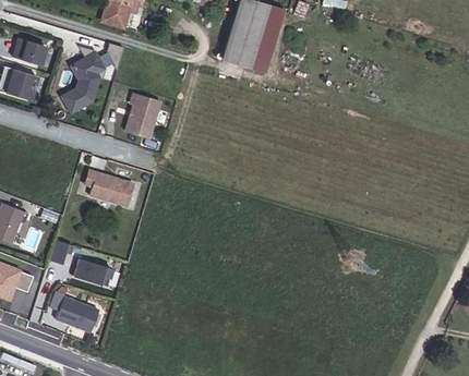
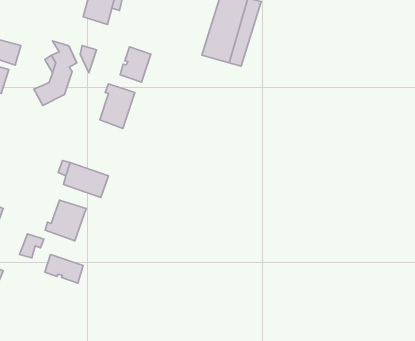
building: none -> [120,47,151,82]
building: none -> [45,200,86,241]
building: [49,298,93,333] -> none

